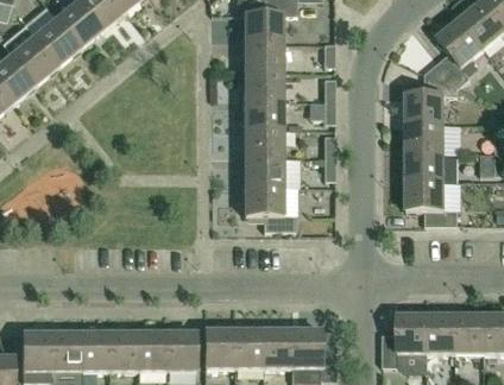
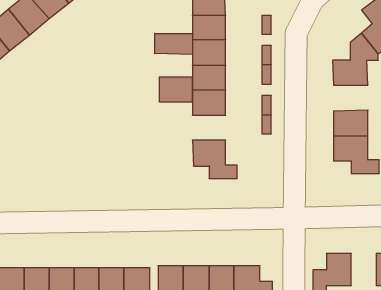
building: none -> [155,33,192,54]
building: [407,122,446,152] -> none
building: [245,157,283,185] -> [159,77,192,102]
building: [427,315,455,352] -> none

